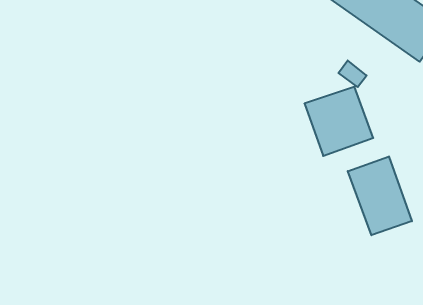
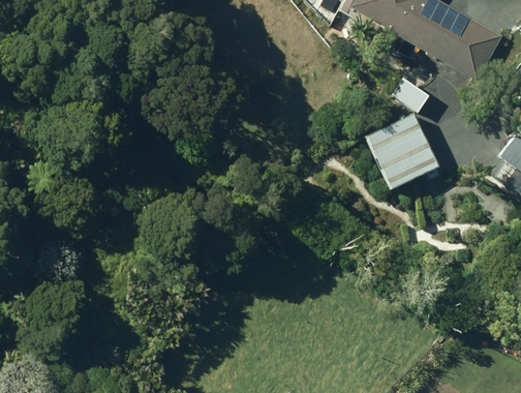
building: [348,156,412,235] -> none

